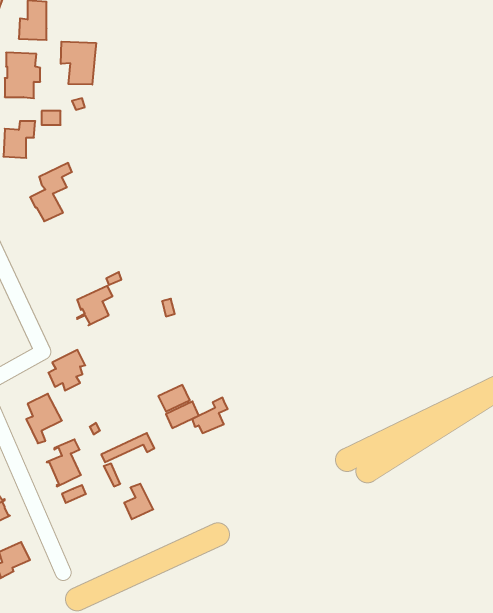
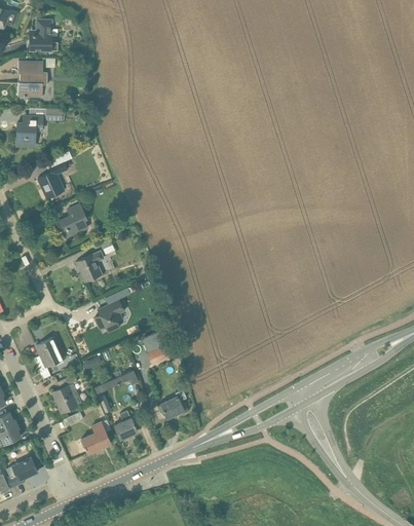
building: [61,42,96,85] -> none
building: none -> [58,203,88,235]
building: [48,350,85,391] -> [95,299,124,332]
building: [192,398,228,433] -> [158,388,187,417]
building: none -> [81,419,111,453]

